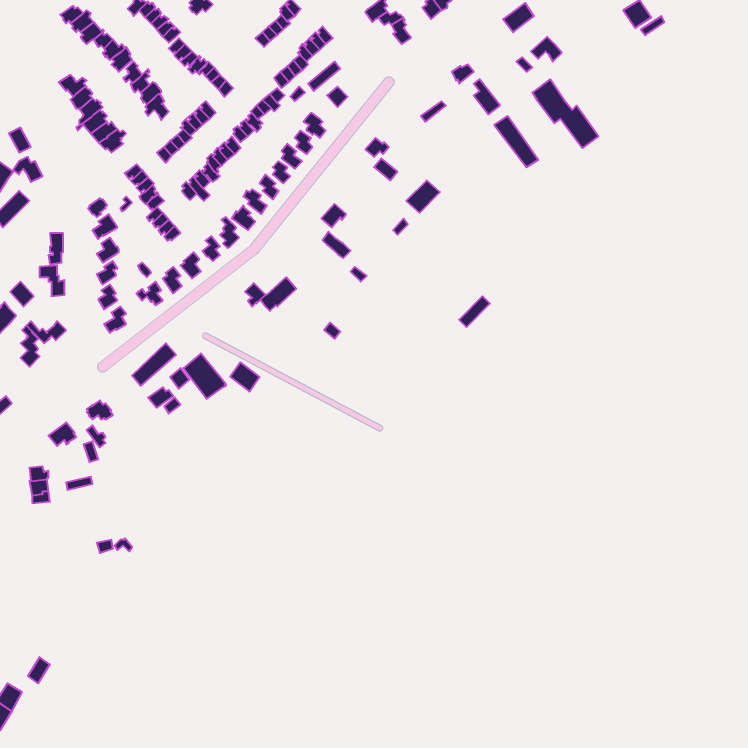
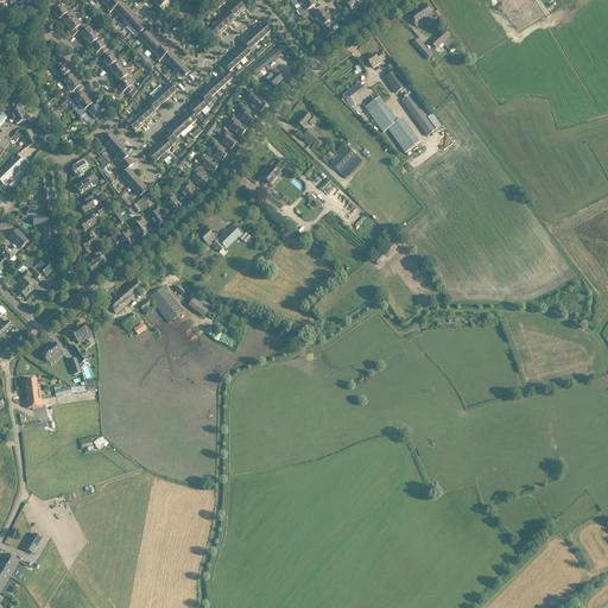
building: [532,79,598,148] -> [365,96,418,152]

